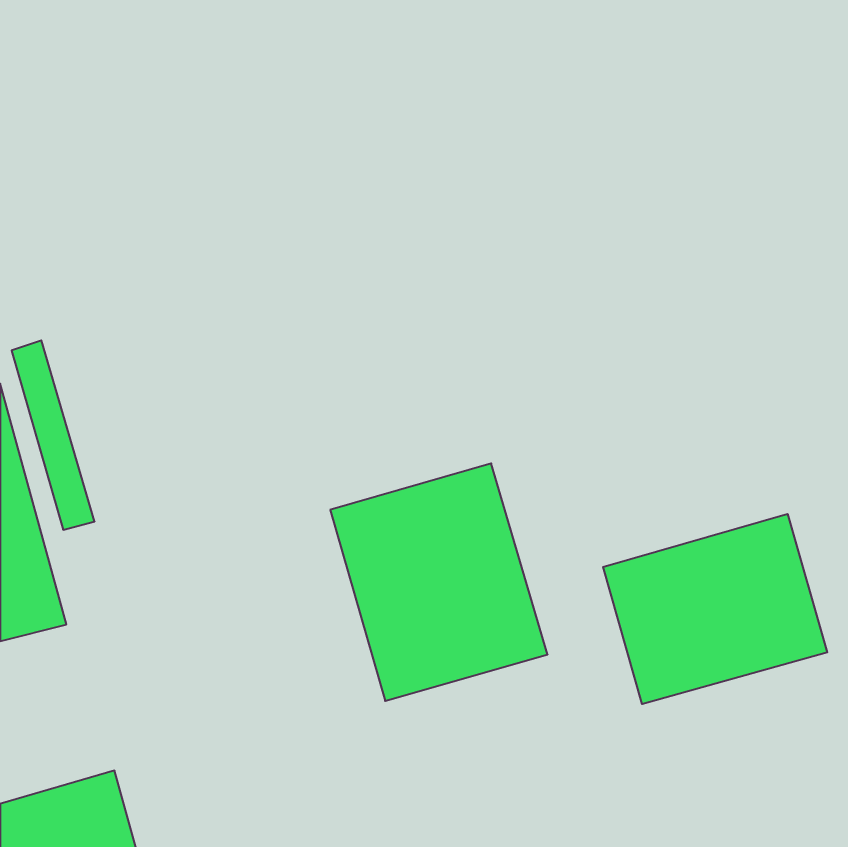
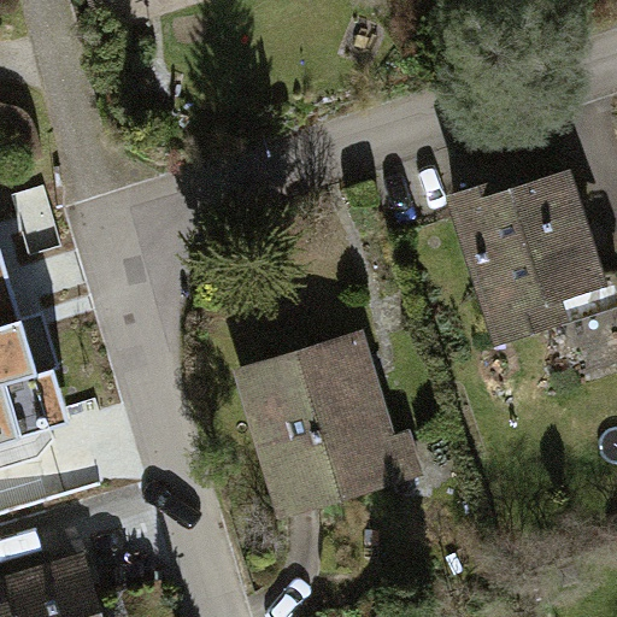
building: none -> [454,177,593,313]
building: [603,514,827,704] -> none

